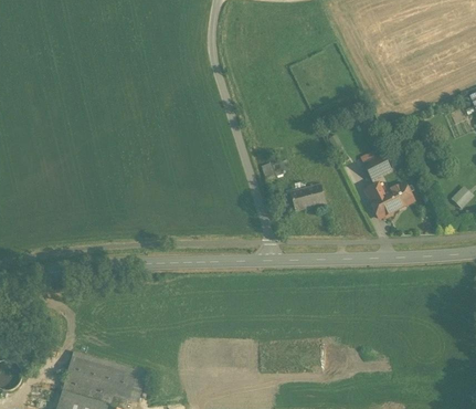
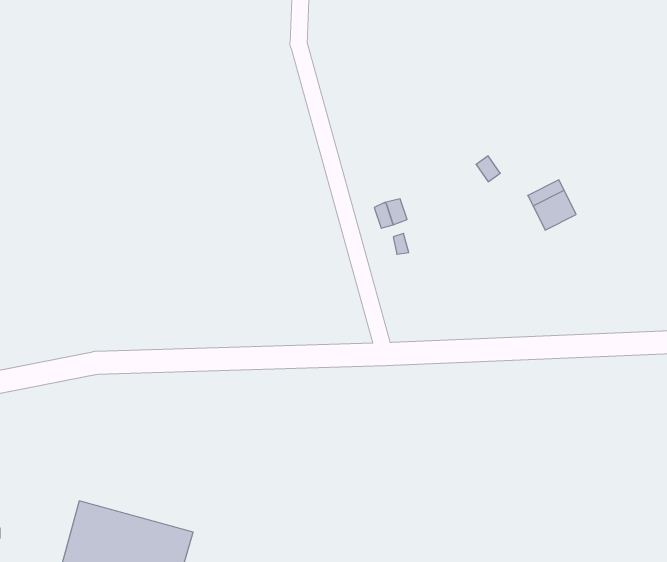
building: [366,181,413,218] -> none
building: [290,183,326,211] -> none

